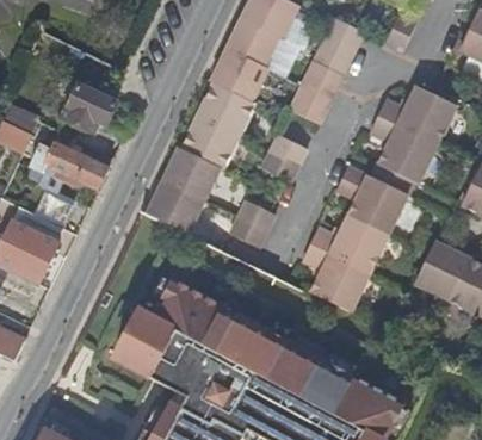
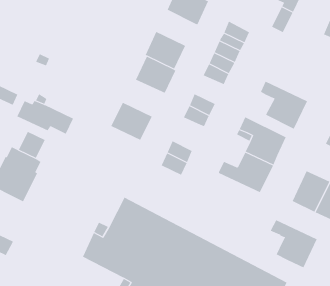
building: [224,17,279,66] -> none
building: [64,85,118,132] -> none
building: [377,85,456,144] -> none
building: [180,114,237,167] -> none
building: [146,179,203,233] -> none
building: [303,244,370,312] -> [270,220,318,268]

